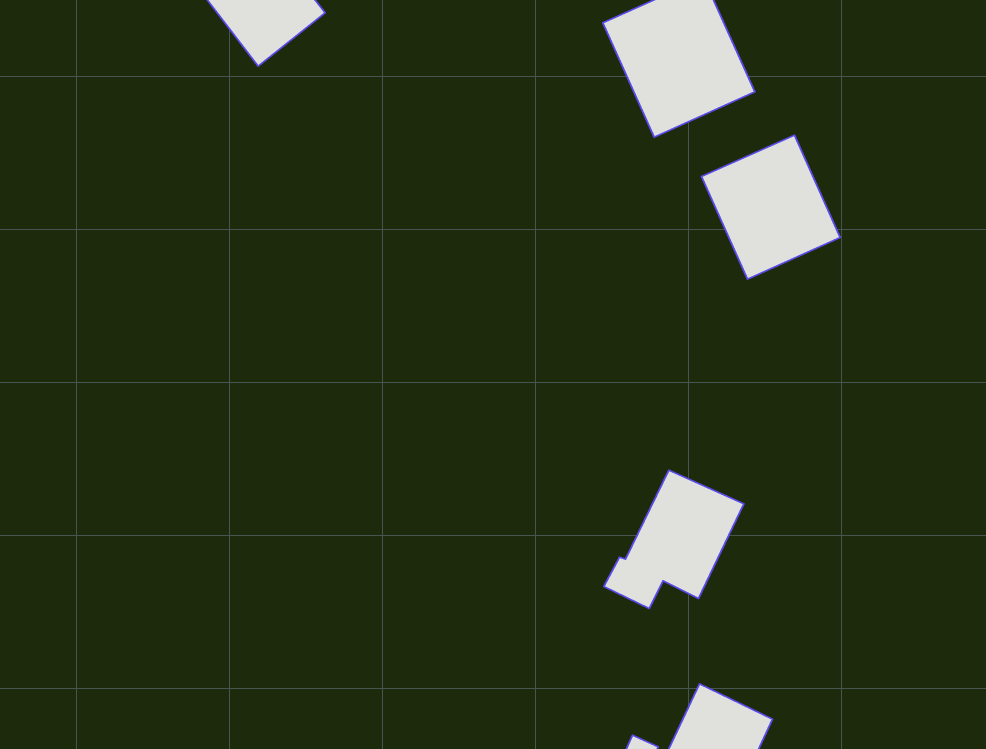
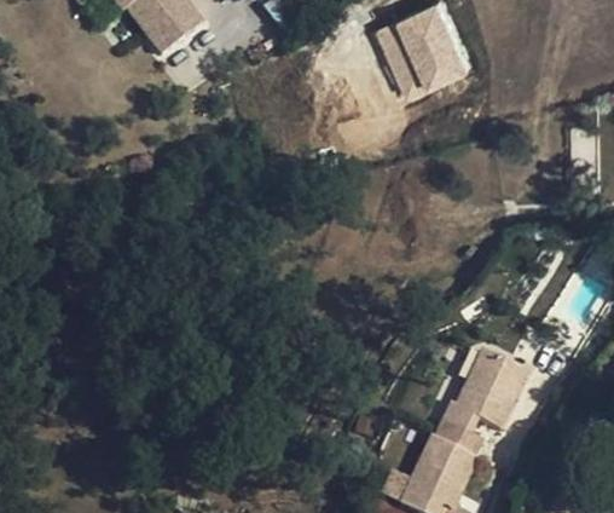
building: [702,135,840,279] -> none
building: [604,470,744,608] -> [442,351,528,436]

